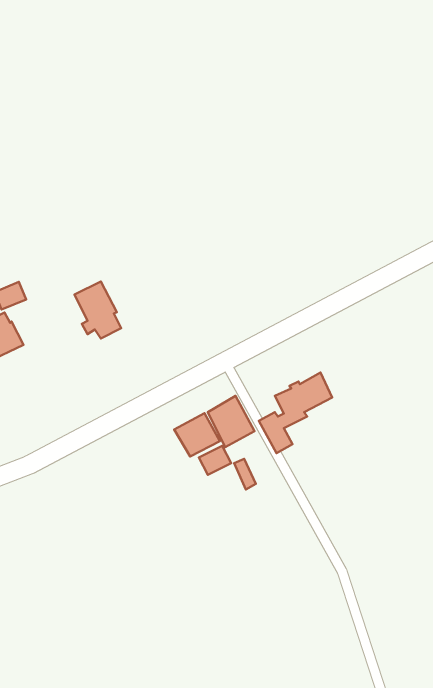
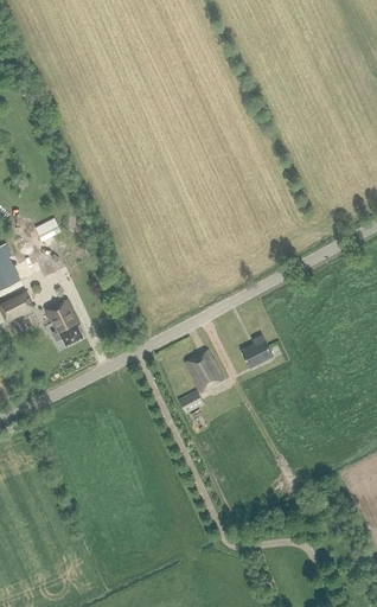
building: [74,281,121,338] -> [44,300,82,346]
building: [174,413,220,456] -> none

